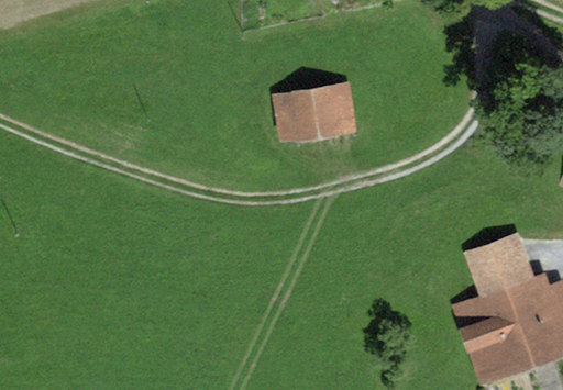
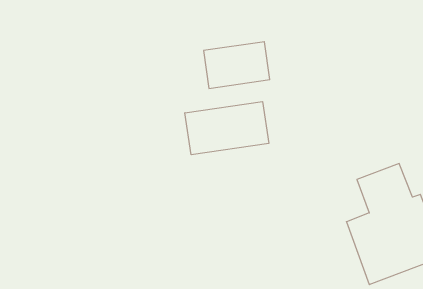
building: none -> [185,102,269,155]

